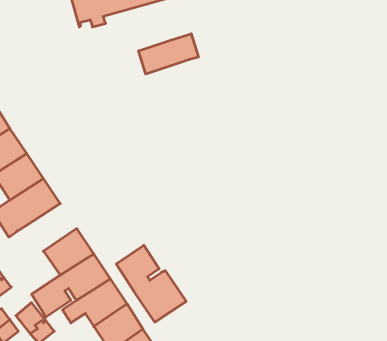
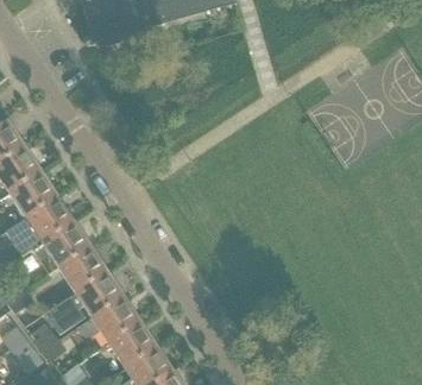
building: [139,34,198,74] -> none
building: none -> [31,220,90,273]
building: [116,245,186,322] -> none

